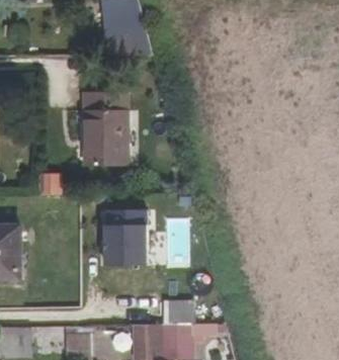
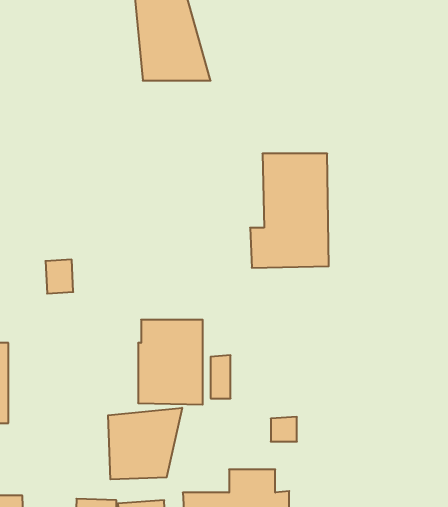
building: [75,92,126,167] -> [250,154,329,268]
building: none -> [108,408,182,479]

